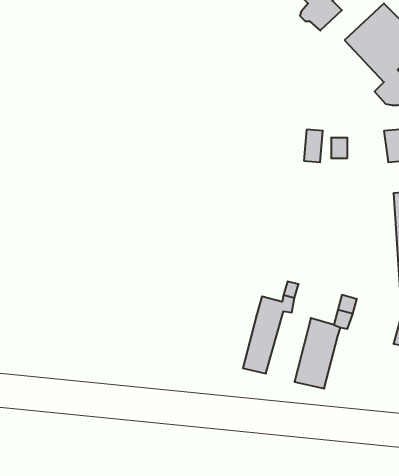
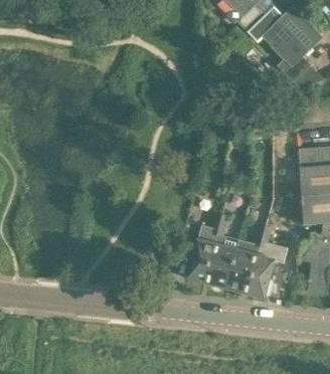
building: none -> [203,235,236,288]
building: none -> [246,253,274,298]

